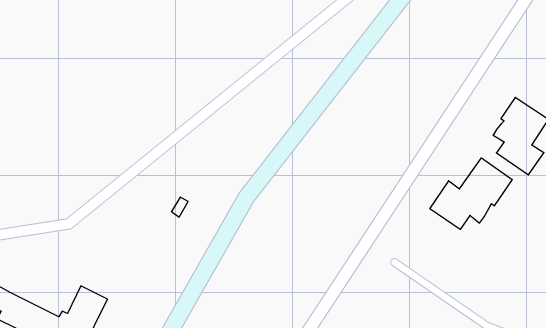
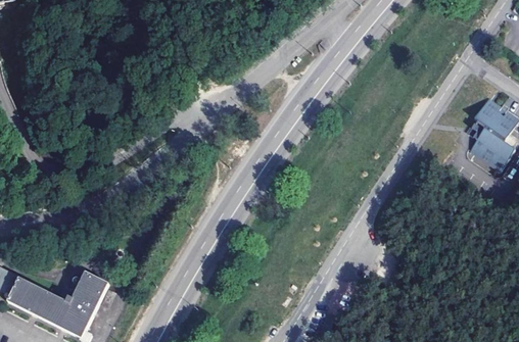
building: [430,158,512,229] -> none

